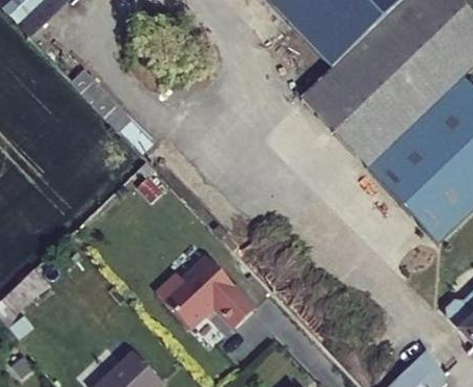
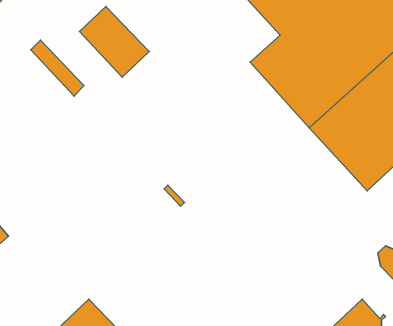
building: none -> [80,7,149,77]
building: [156,255,255,327] -> none

